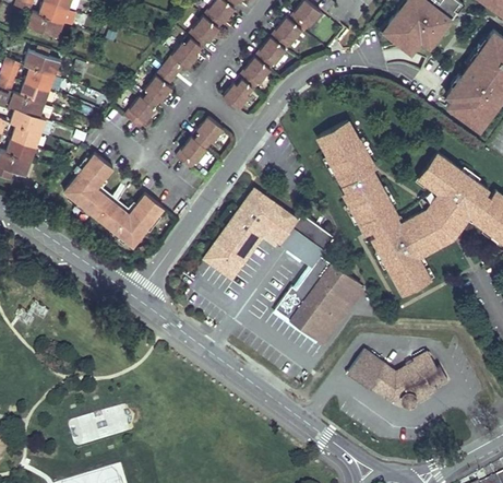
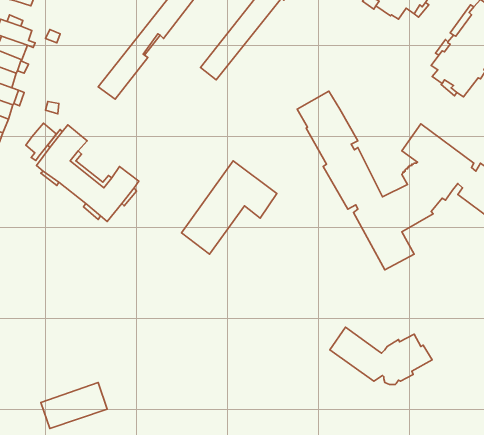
building: [176,116,223,168] -> none
building: none -> [26,123,56,160]
building: [275,214,363,344] -> none

